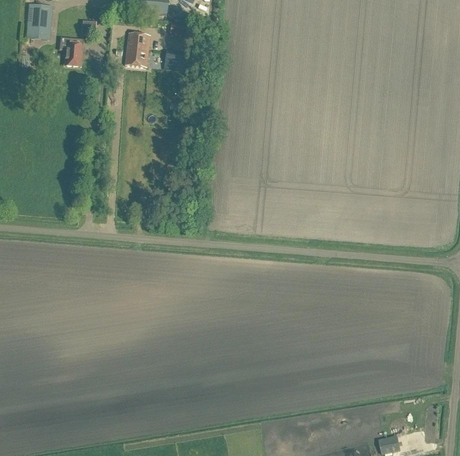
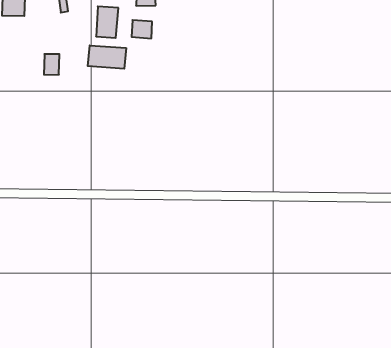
building: [64,44,82,67] -> [44,54,59,75]
building: none -> [88,45,126,69]

